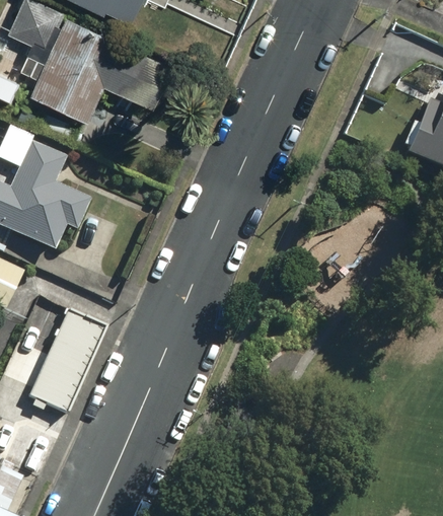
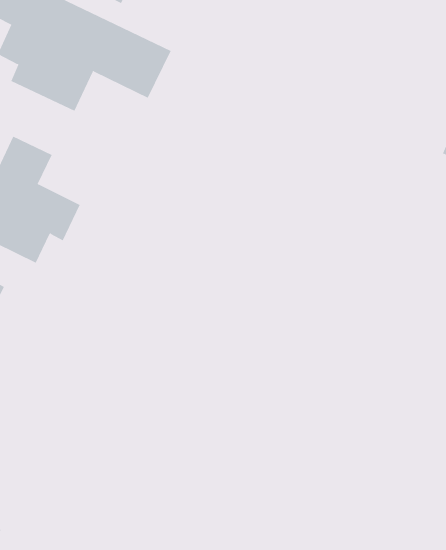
building: [27,309,105,413] -> none

